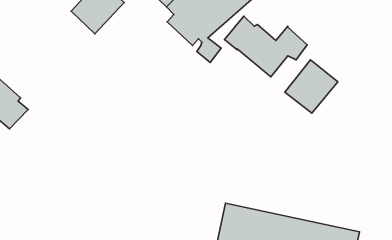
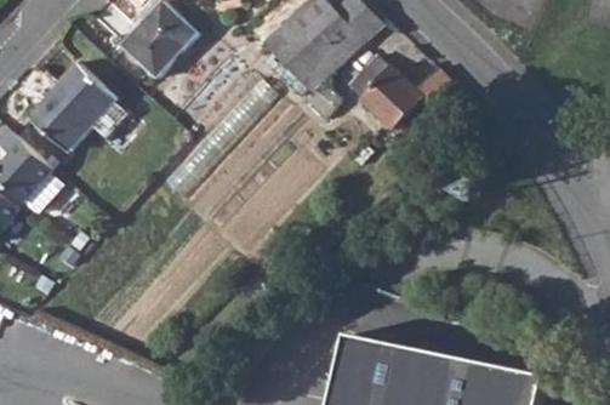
building: none -> [30,67,115,153]
building: [285,60,338,113] -> none

